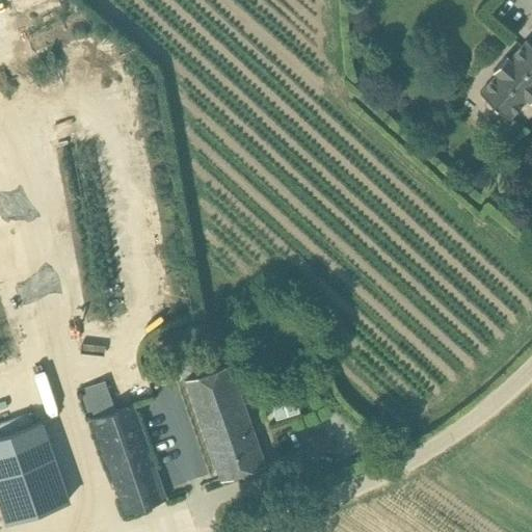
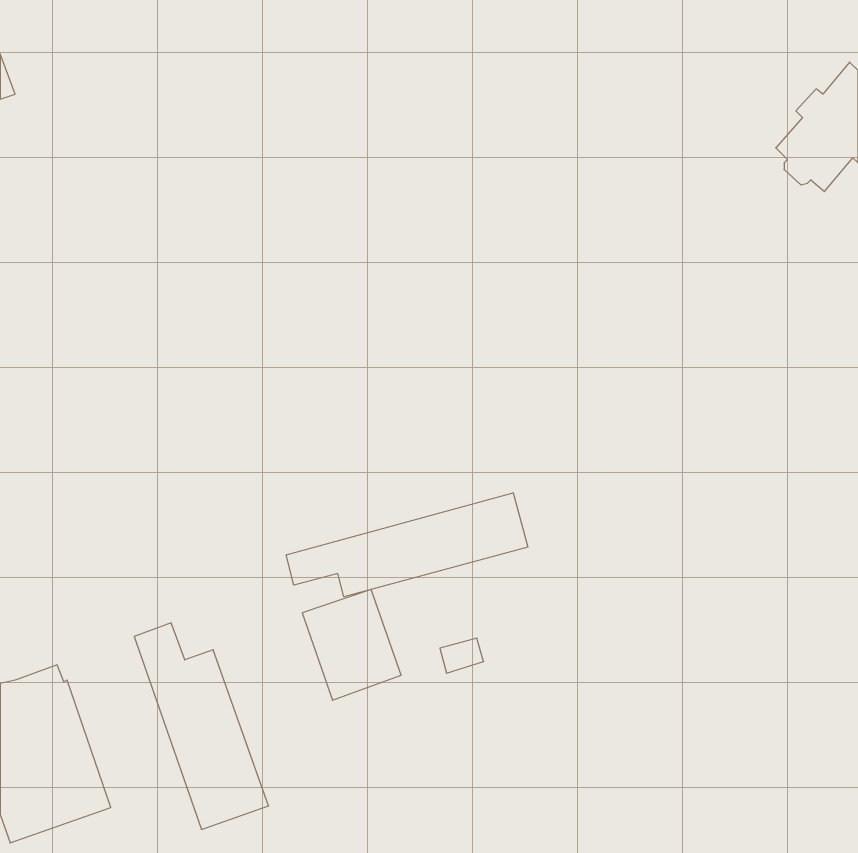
building: none -> [286,493,528,597]
building: [206,421,265,481] -> none

